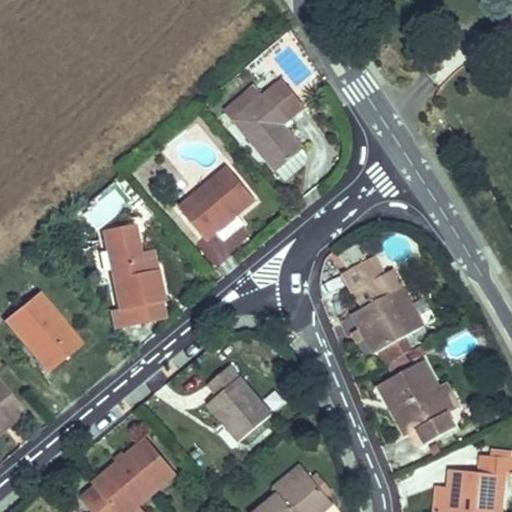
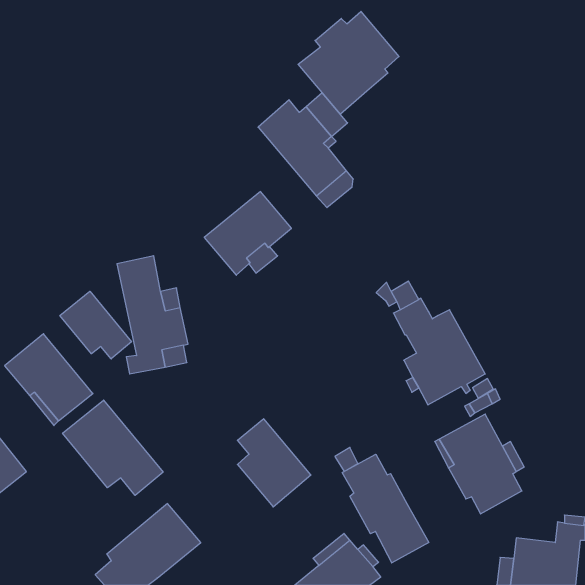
building: none -> [298,11,399,114]
building: none -> [60,291,132,359]
building: none -> [63,400,163,495]
building: none -> [342,454,429,563]

